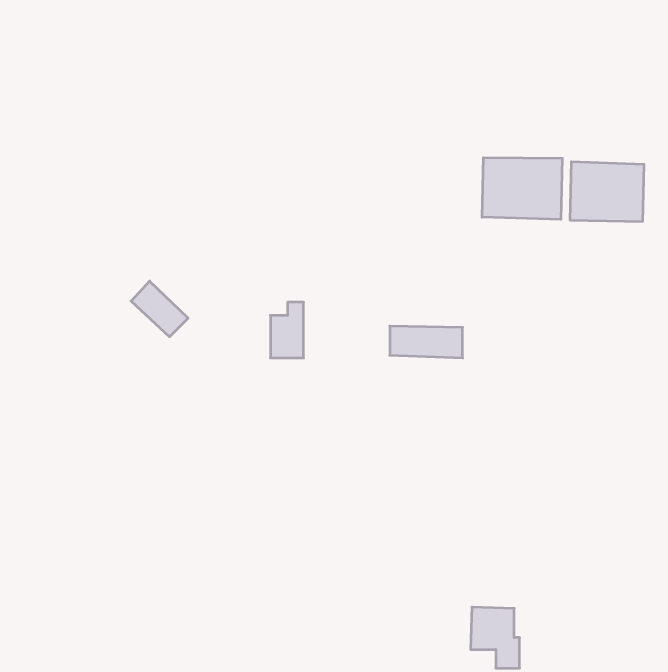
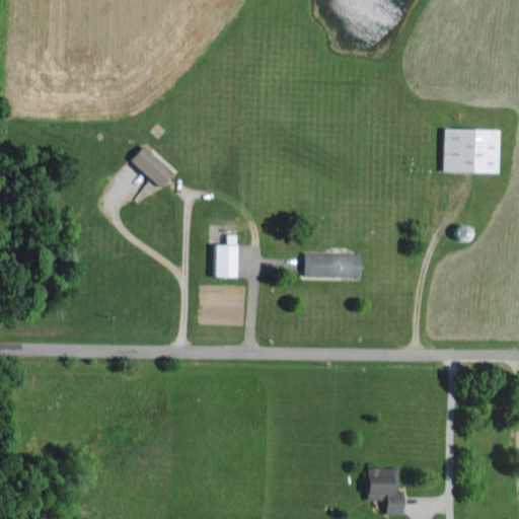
building: [482,158,562,219] -> none
building: [131,281,188,337] -> [131,145,174,188]

